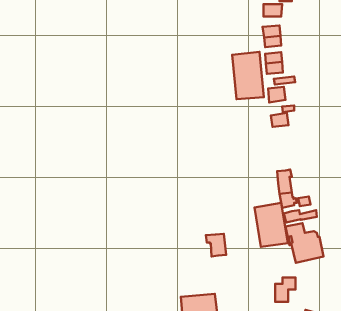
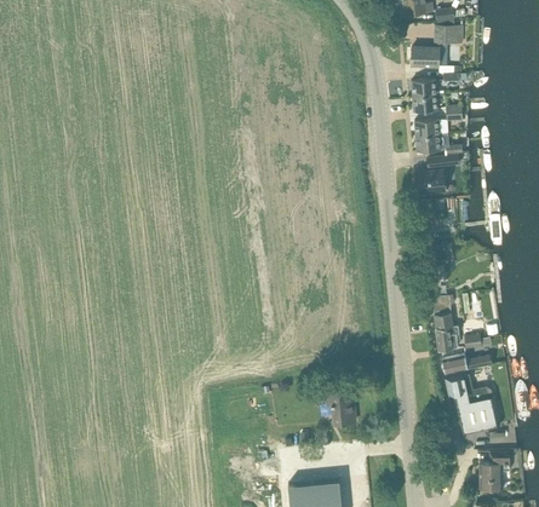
building: [232,52,264,99] -> none
building: [254,203,288,247] -> none
building: [275,277,296,302] -> [480,454,510,490]

